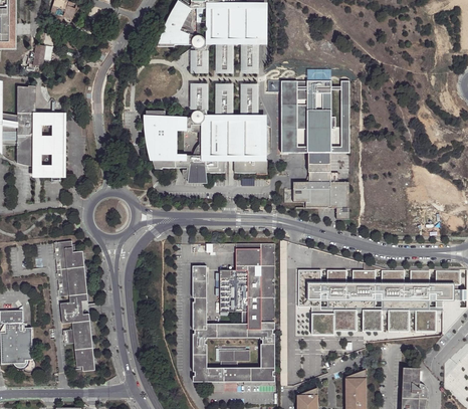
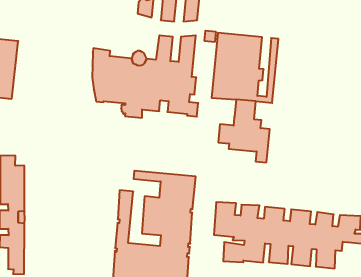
building: [192,87,208,116] -> none

